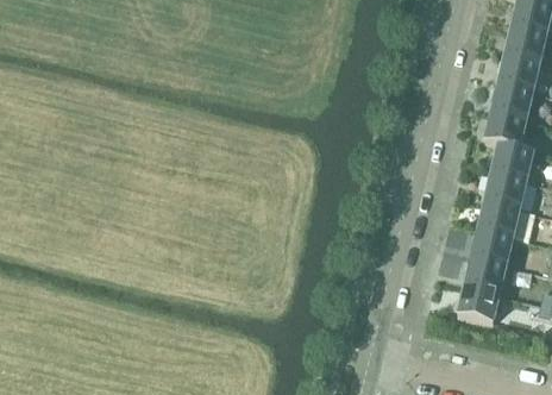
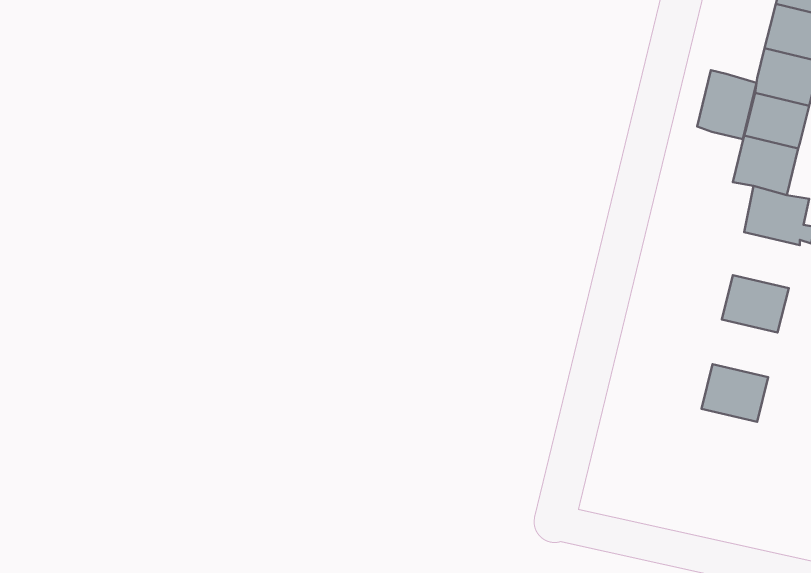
building: none -> [697,70,757,139]
building: [485,167,528,202] -> none
building: [472,222,514,259] -> none
building: [458,280,501,316] -> none

